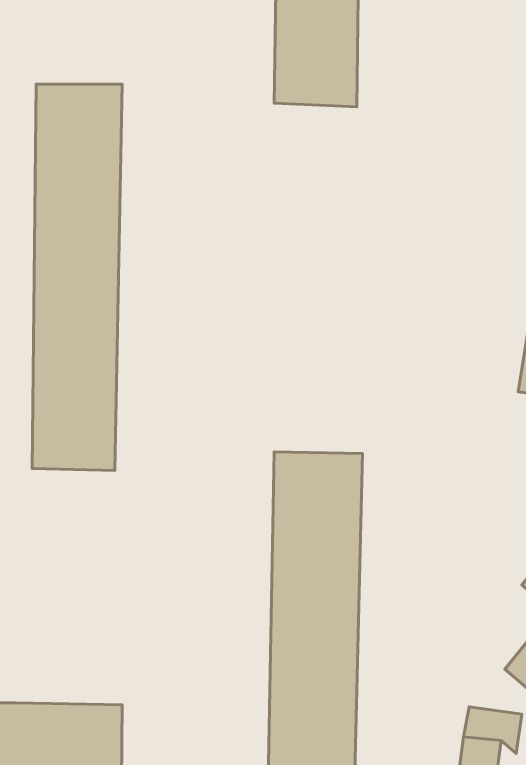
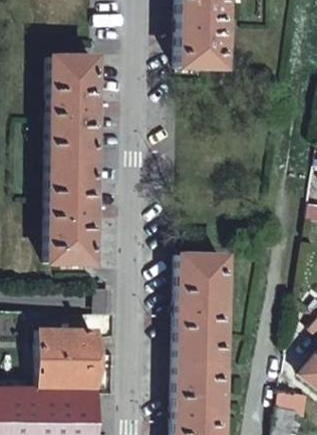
building: none -> [40,330,97,389]

